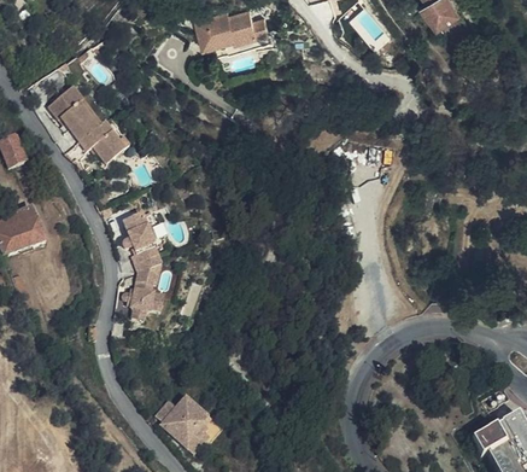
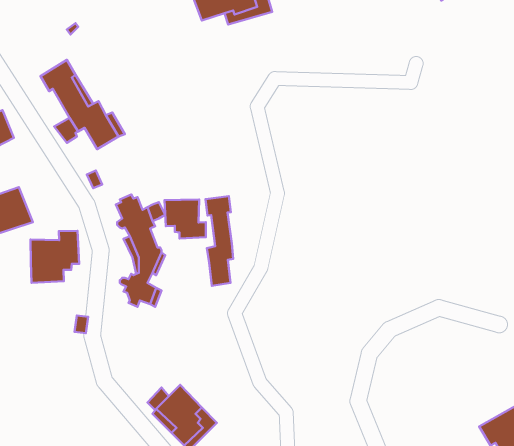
building: none -> [206,196,233,286]
building: none -> [164,199,206,238]
building: none -> [30,231,79,283]

